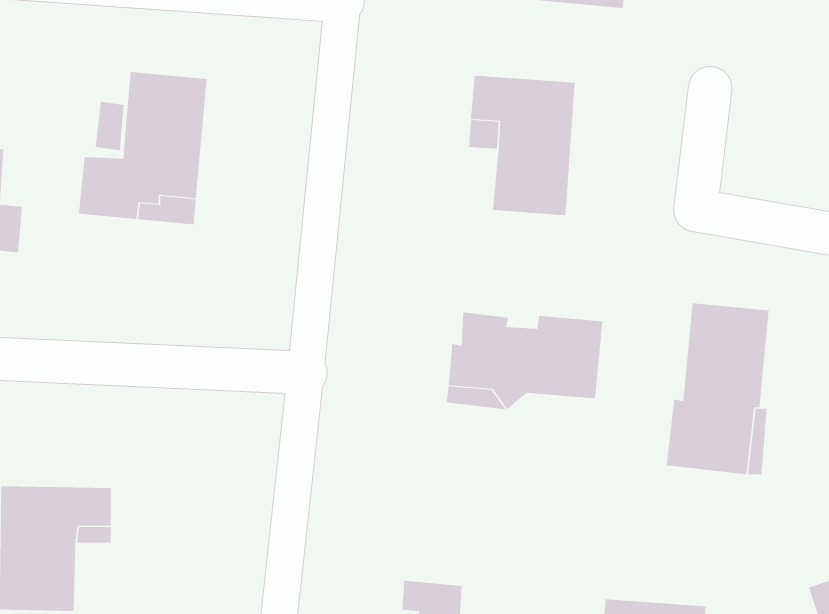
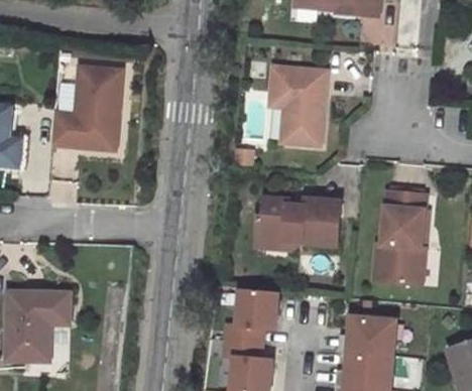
building: none -> [230,292,279,345]
building: none -> [340,317,397,356]

